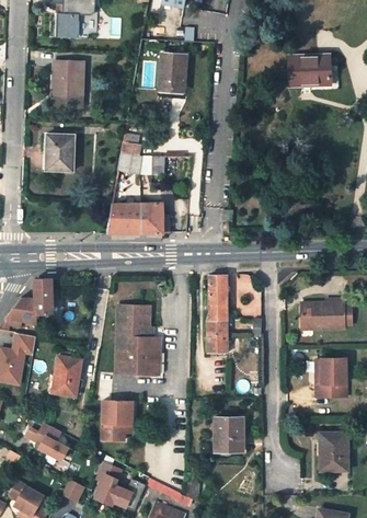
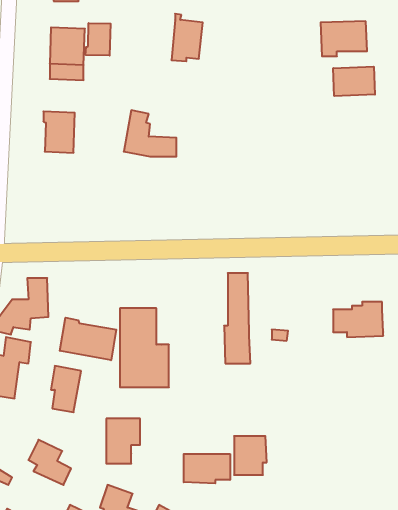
building: none -> [86,23,111,56]
building: none -> [333,67,375,96]
building: [105,197,162,233] -> none
building: none -> [60,318,116,360]
building: [314,358,344,396] -> none
building: [319,433,347,471] -> none
building: none -> [184,454,230,483]

